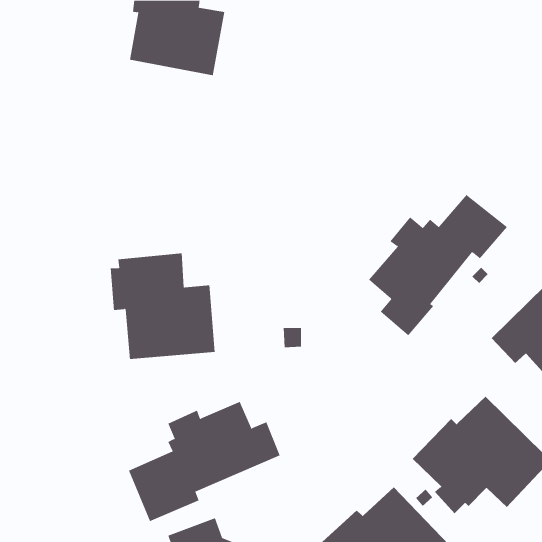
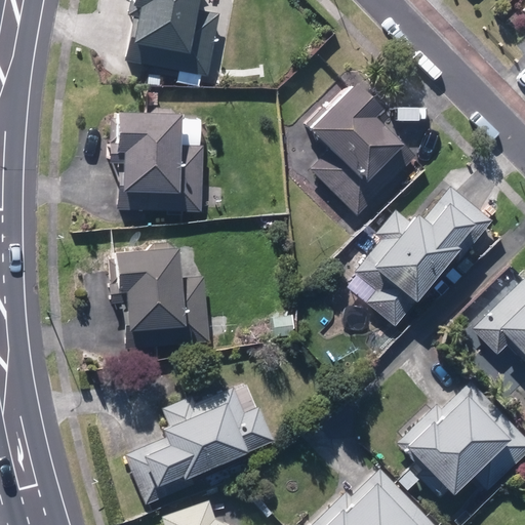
building: none -> [310,81,416,214]
building: none -> [110,111,204,211]

